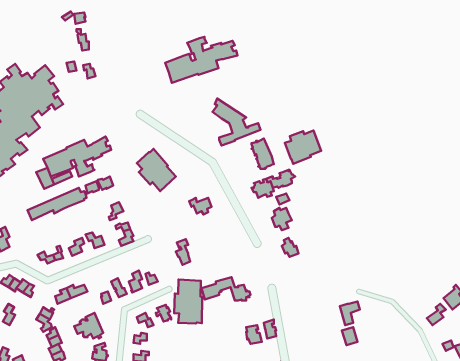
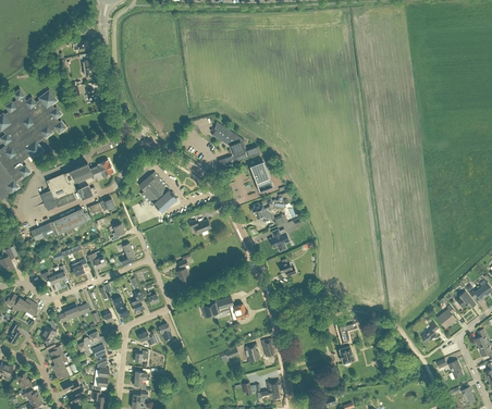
building: [165,37,238,83] -> none
building: [285,130,321,164] -> none
building: [174,280,202,323] -> none

